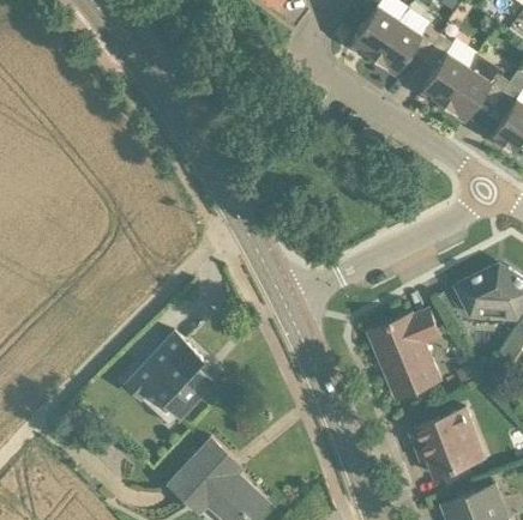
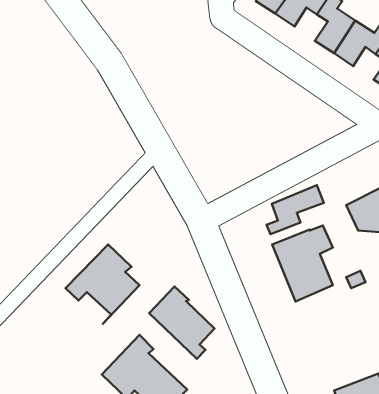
building: none -> [267,185,324,234]
building: none -> [149,287,215,359]
building: [410,407,486,477] -> none

